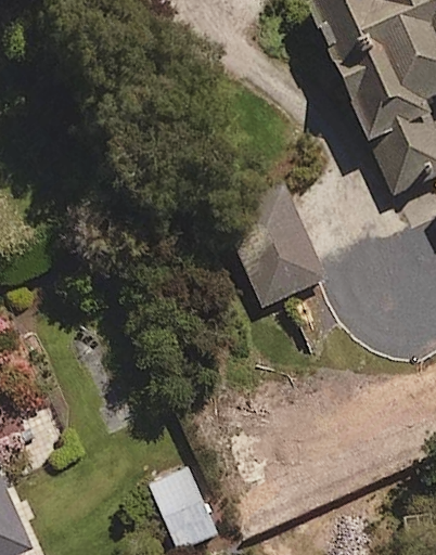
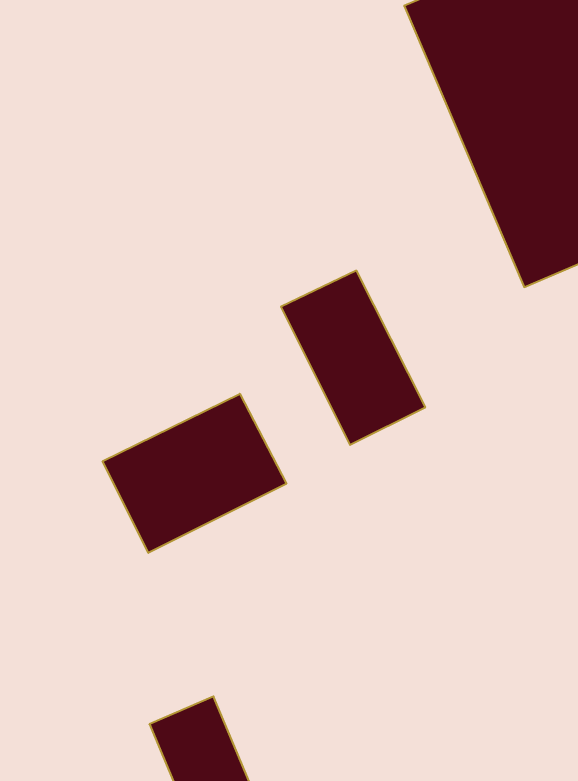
building: none -> [103,394,286,553]

